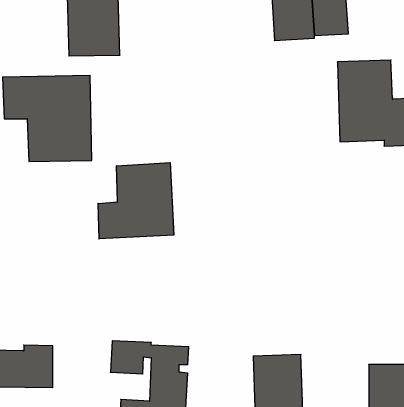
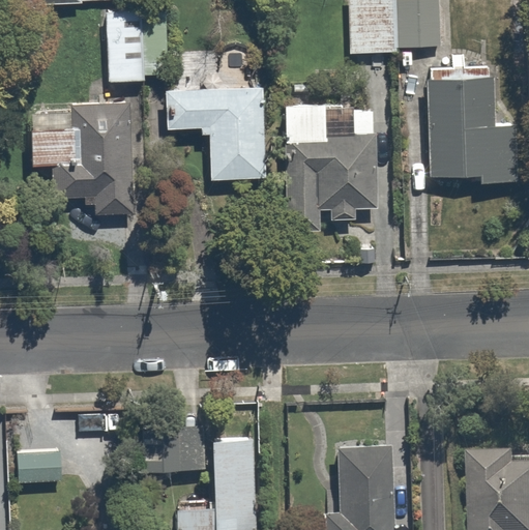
building: none -> [160,84,267,175]
building: none -> [281,95,378,230]
building: [98,163,174,239] -> none

